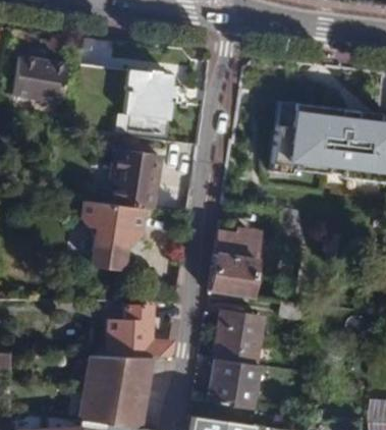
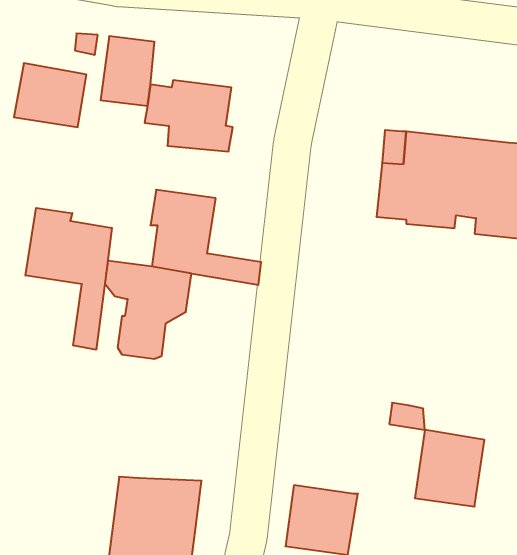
building: none -> [26,208,112,350]
building: [211,231,262,295] -> none
building: [105,305,172,358] -> none
building: [216,311,266,366] -> [415,430,484,507]

